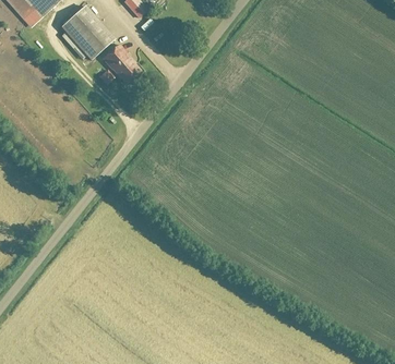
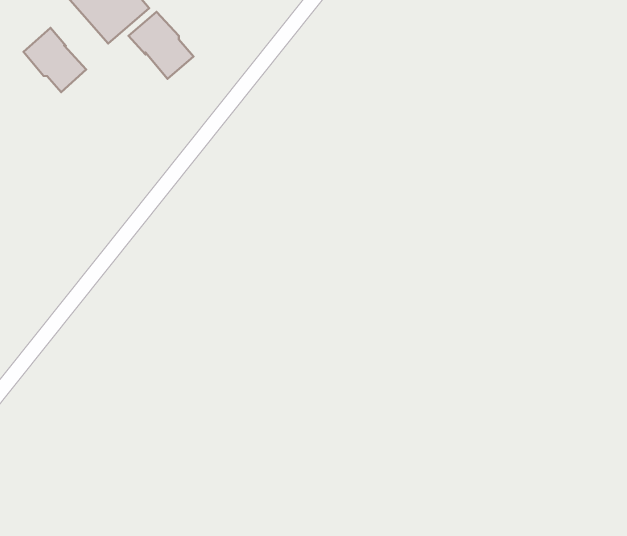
building: none -> [23,28,86,92]

